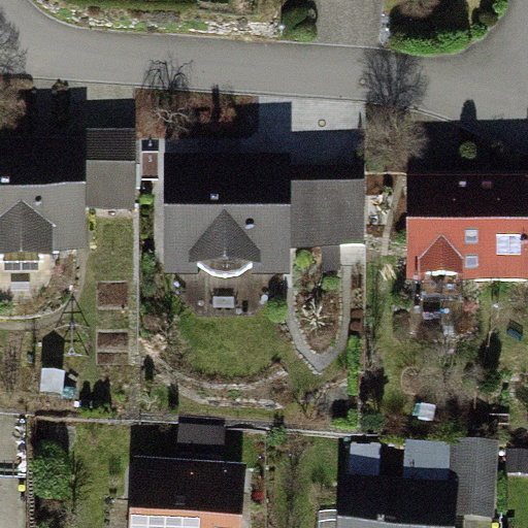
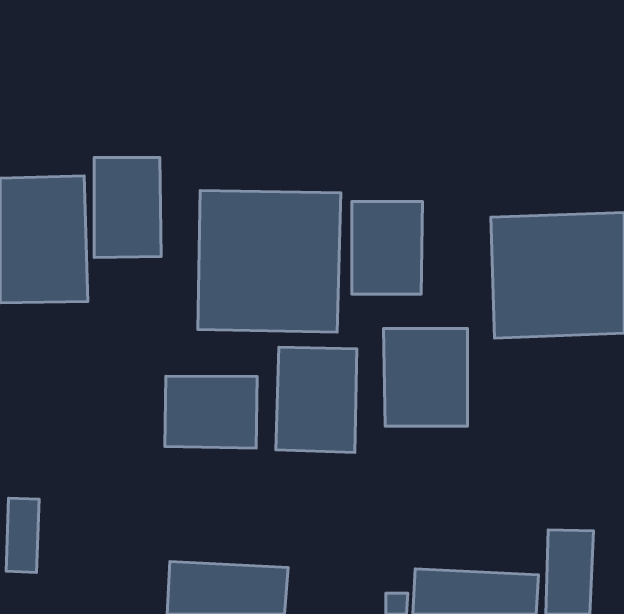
building: none -> [384,328,467,426]
building: none -> [276,347,357,452]
building: none -> [165,376,257,448]

